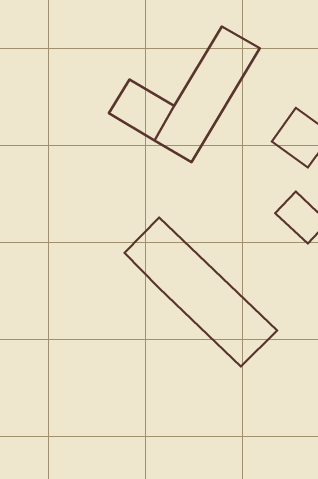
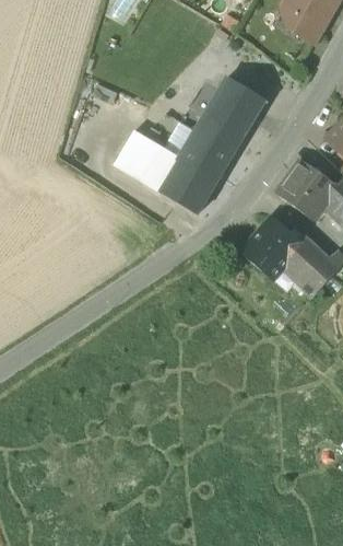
building: none -> [243,214,303,277]
building: [124,217,277,366] -> none

